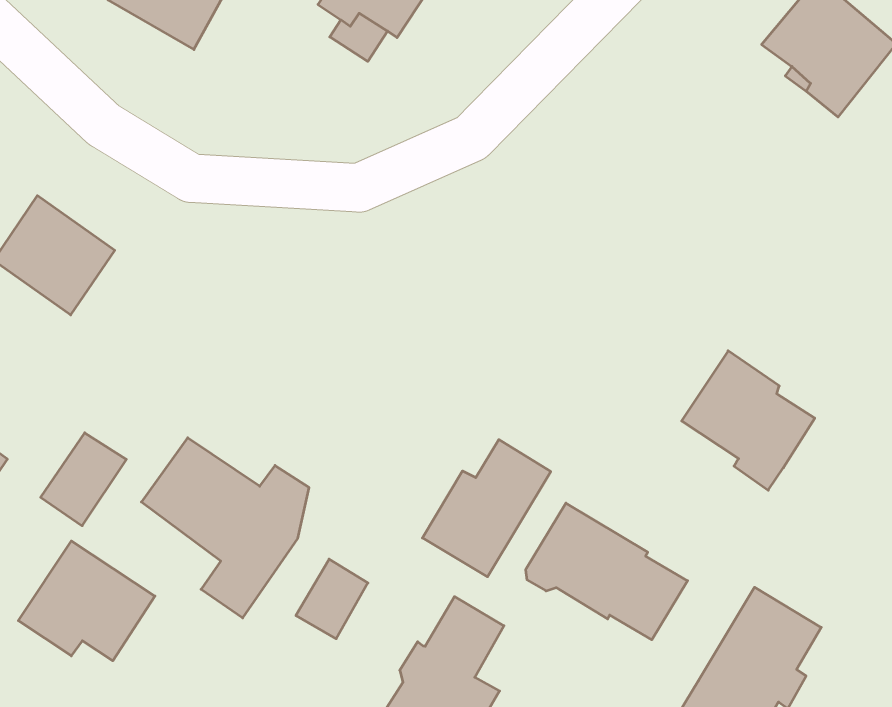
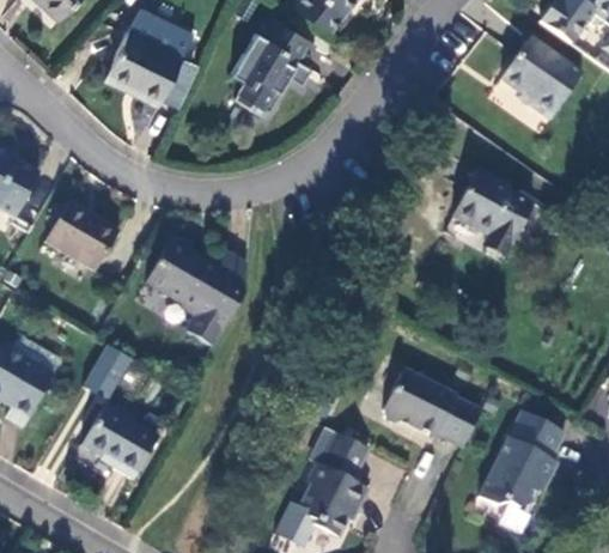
building: [682,351,815,490] -> [451,172,531,255]
building: [141,438,309,618] -> [147,242,248,348]
building: [422,440,551,577] -> none
building: [296,559,368,639] -> none

